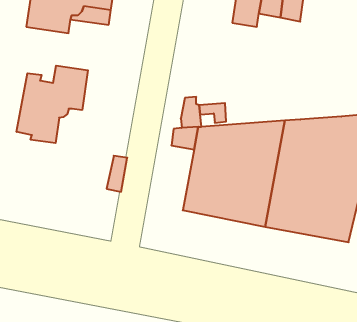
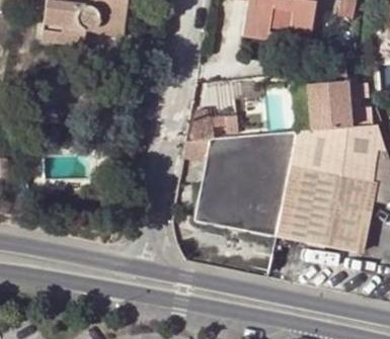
building: none -> [307,68,352,131]
building: [17,66,88,143] -> none

